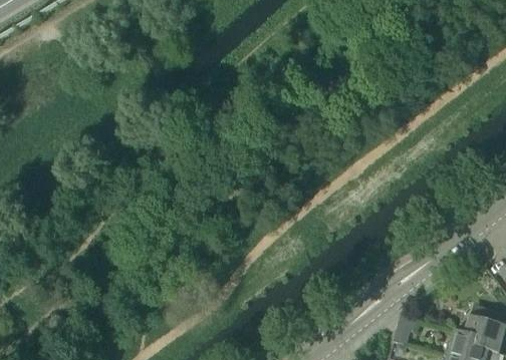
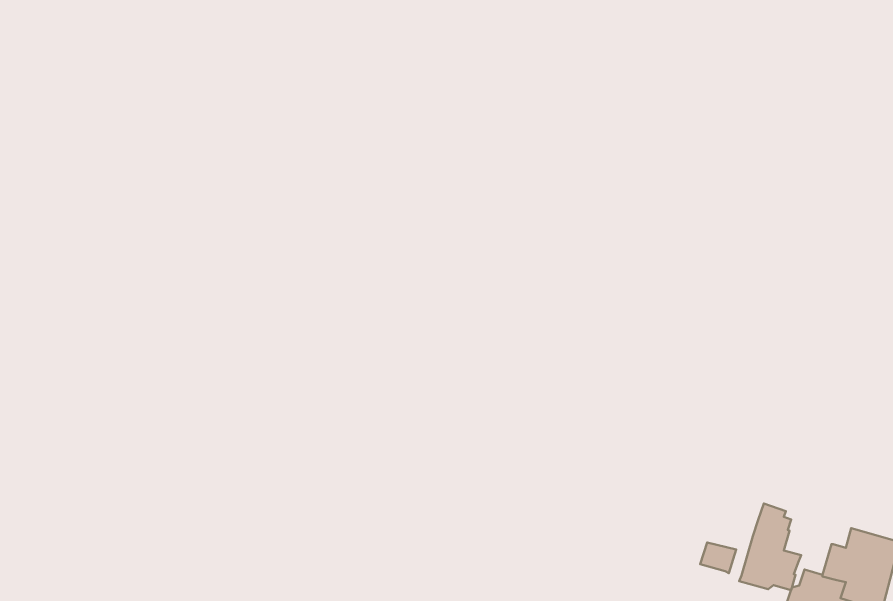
building: none -> [739,504,801,590]

